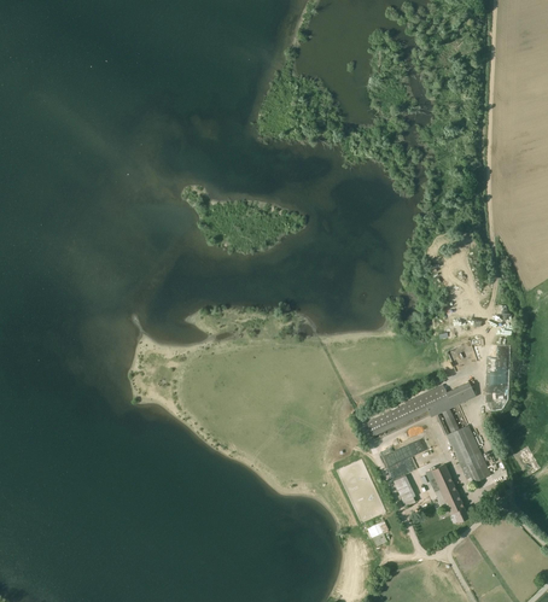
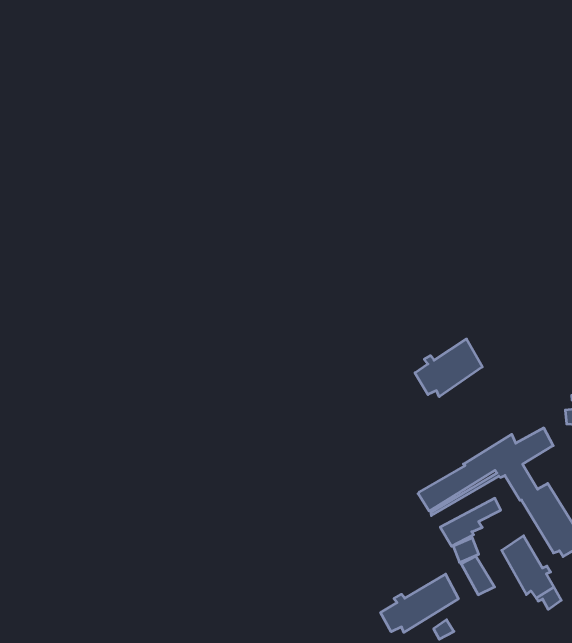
building: none -> [415,339,482,397]
building: none -> [381,574,458,632]

